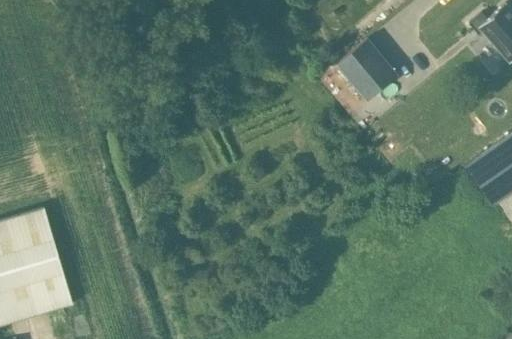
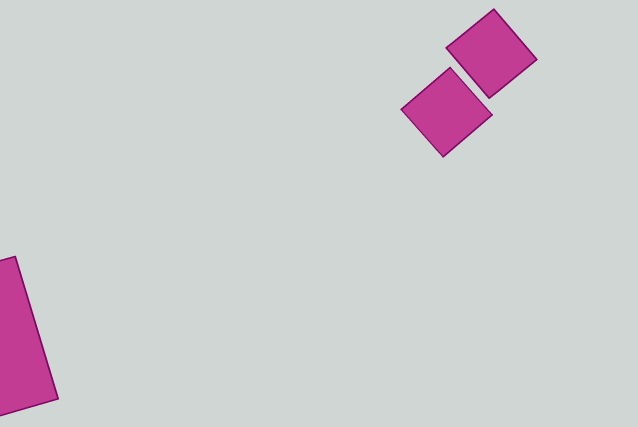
building: none -> [401,68,492,157]

